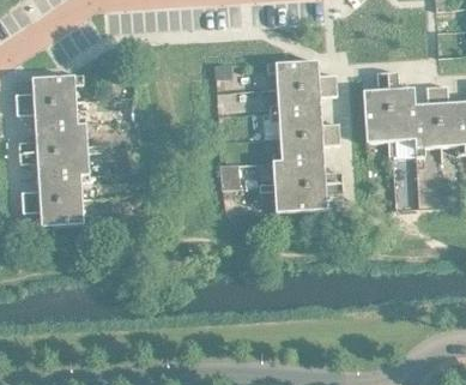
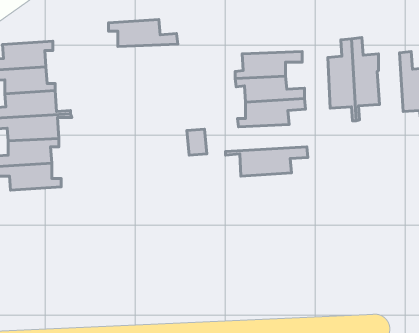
building: [266,60,337,88] -> [108,19,178,46]
building: [413,86,440,157] -> none
building: [259,160,341,187] -> none

